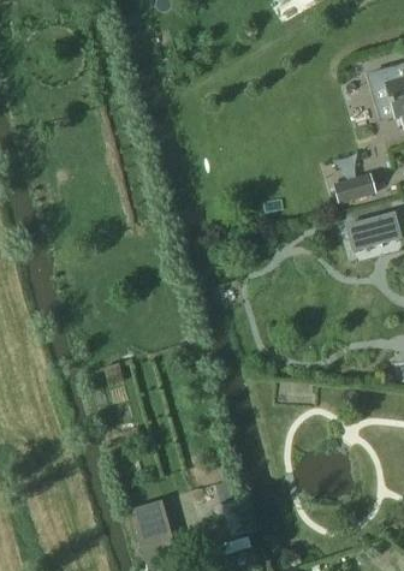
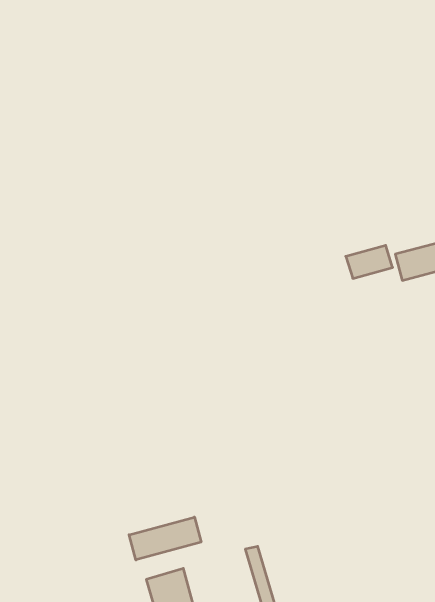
building: [333,173,374,202] -> [346,245,393,278]
building: none -> [129,517,201,560]

